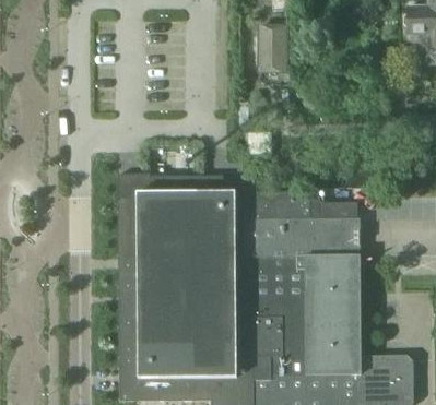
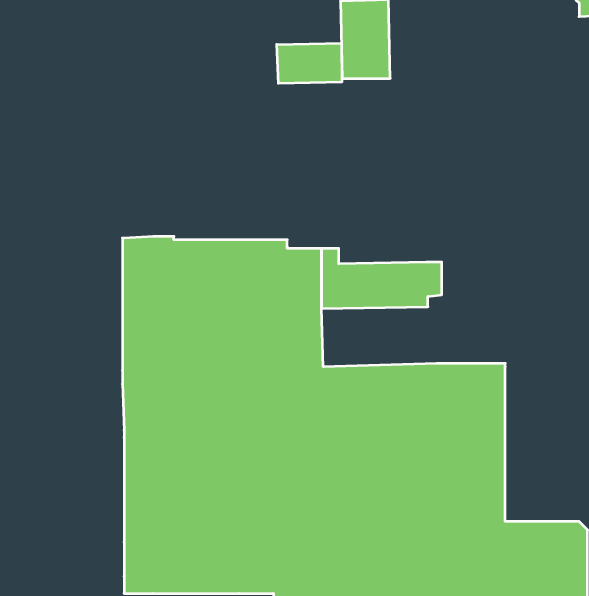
building: none -> [277,43,342,83]
building: [244,203,360,258] -> none

